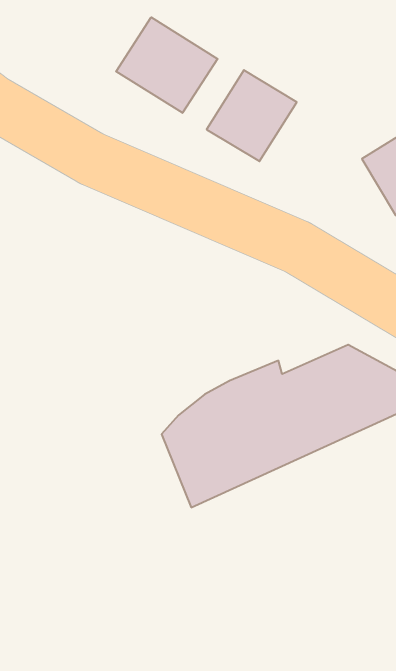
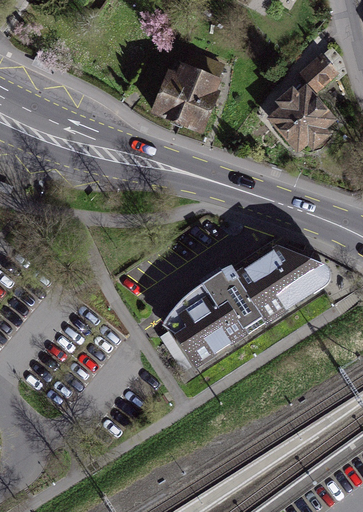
building: [116,17,218,113] -> none

